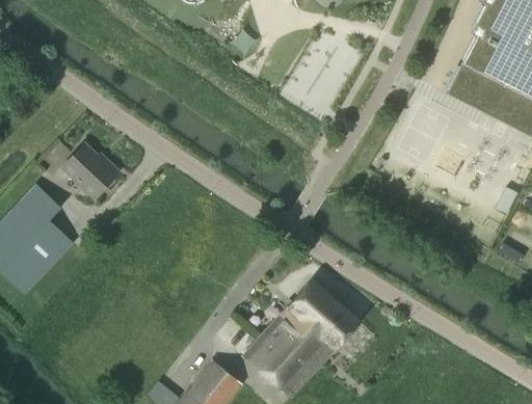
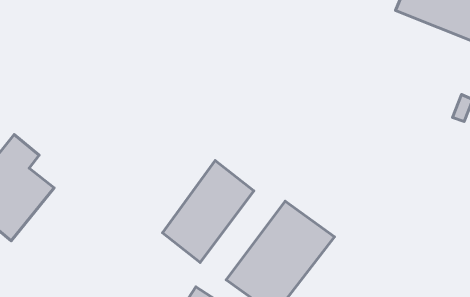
building: [63,142,121,197] -> none
building: none -> [162,161,254,262]

